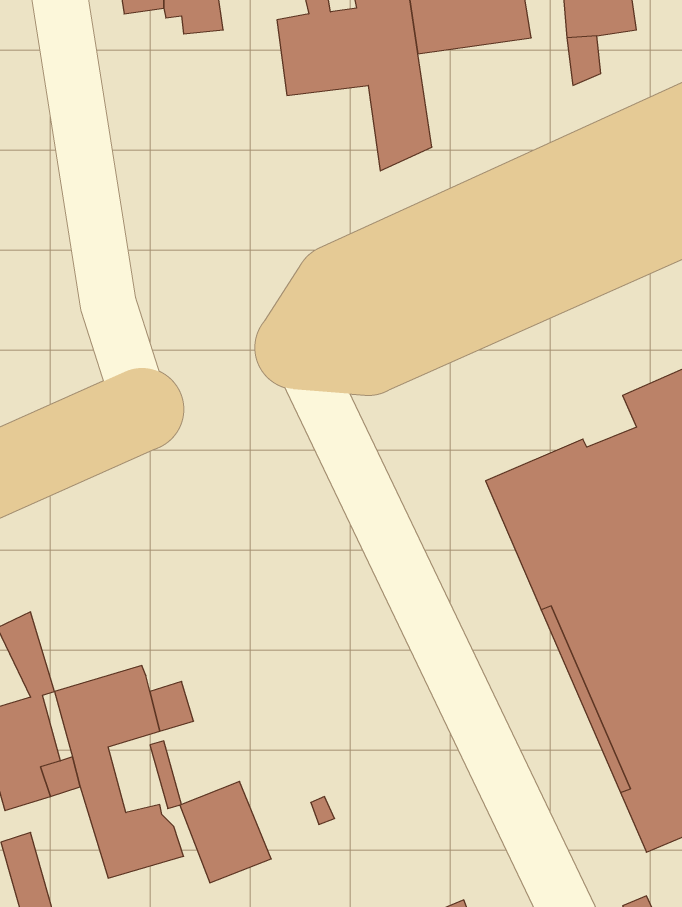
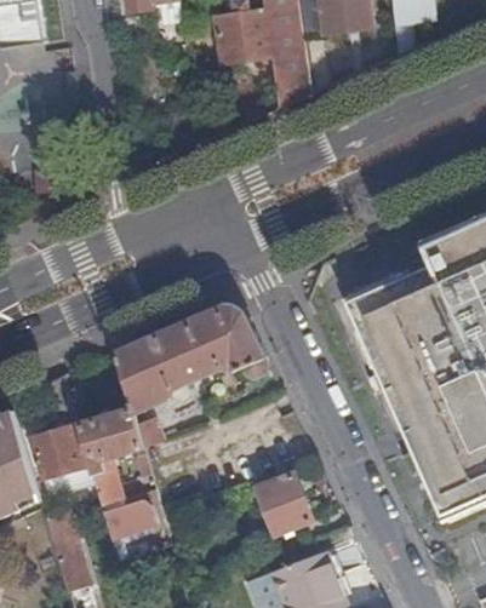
building: none -> [116,305,268,413]
building: [180,781,271,883] -> [257,472,313,534]

